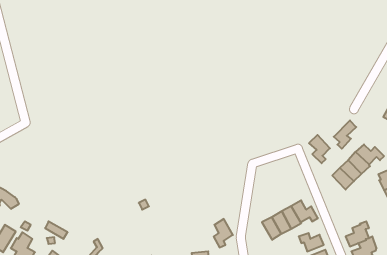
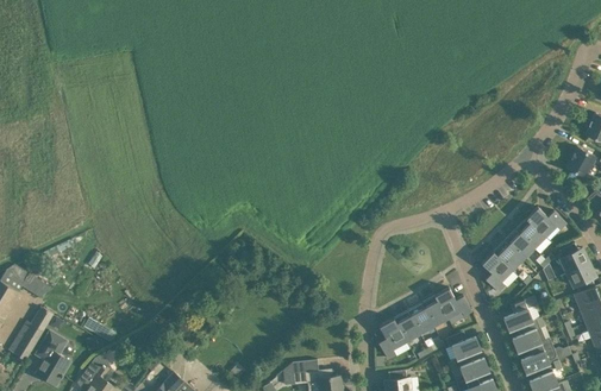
building: [334,120,356,149] -> none
building: [309,135,330,163] -> [481,252,511,292]
building: none -> [503,296,538,332]
building: [214,219,233,247] -> [378,319,406,359]

